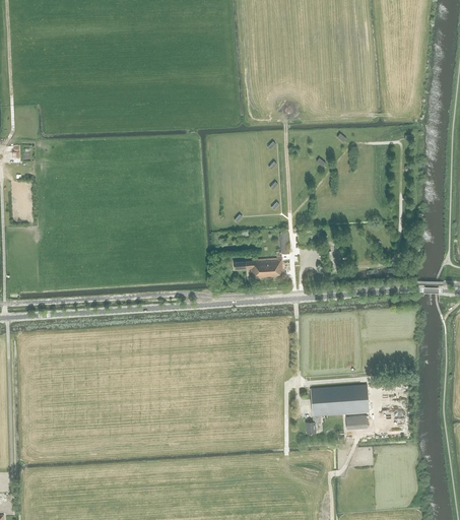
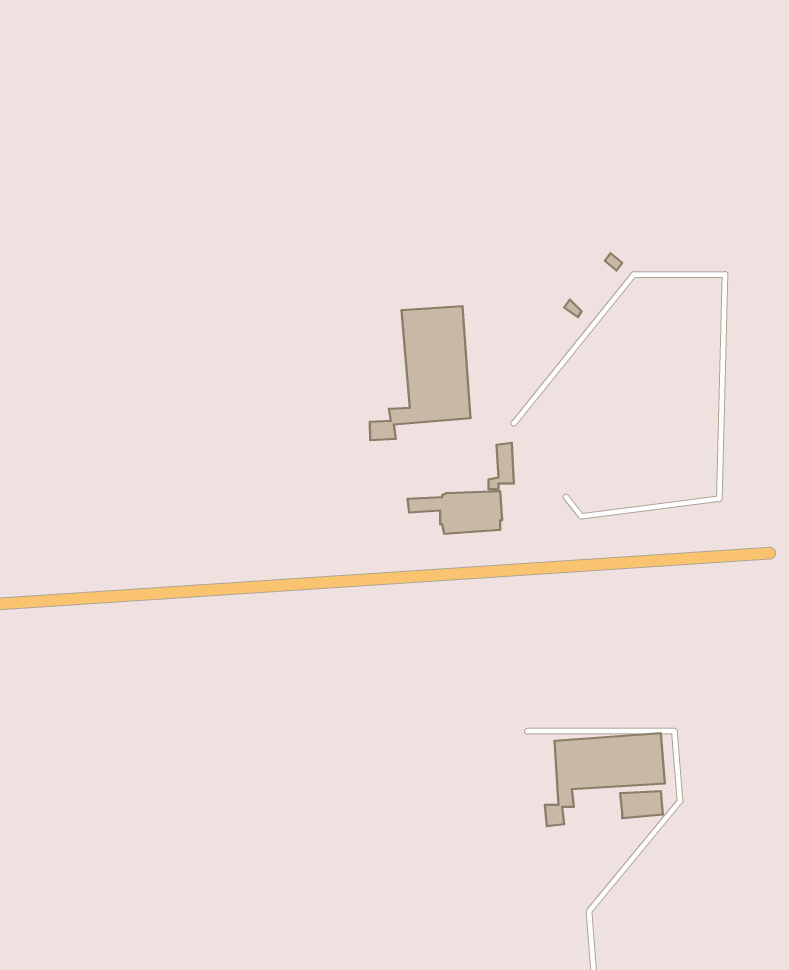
building: none -> [370,306,471,440]

